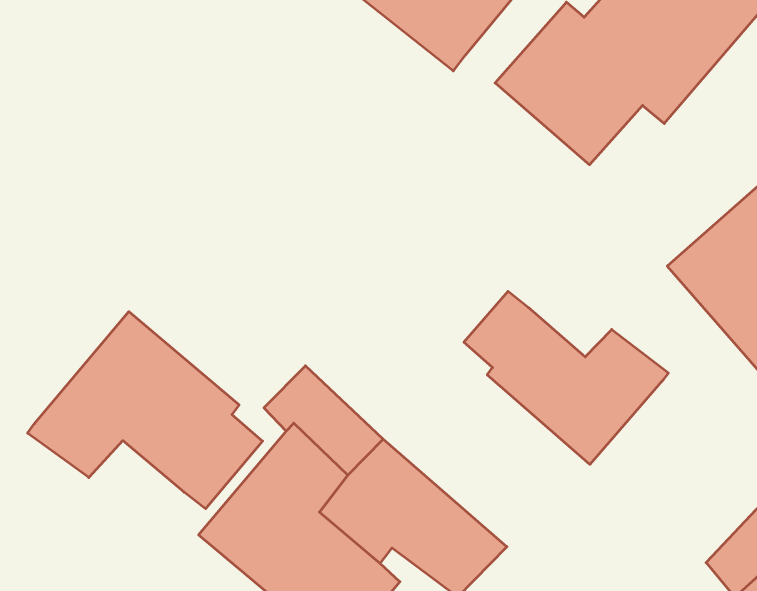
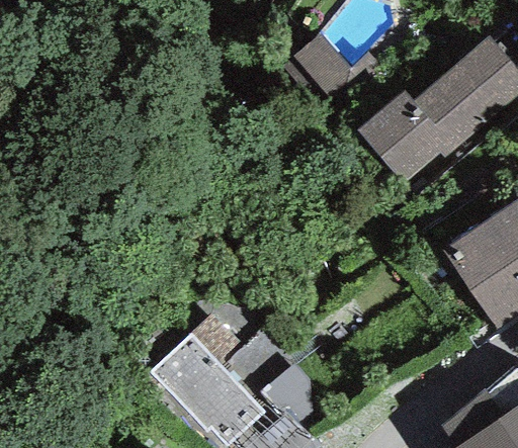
building: [464,291,668,464] -> none
building: [28,312,263,509] -> none

